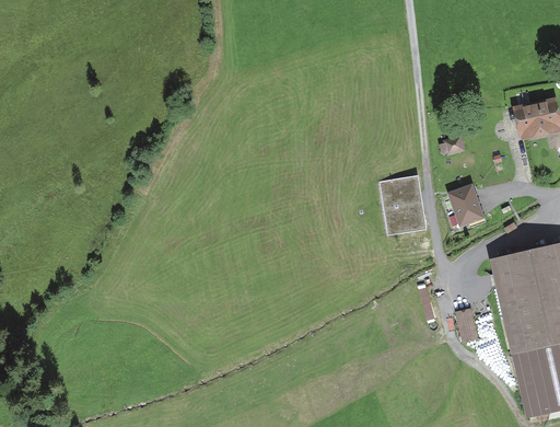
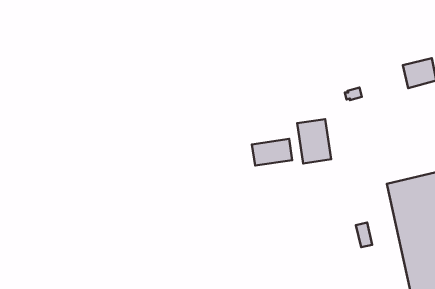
building: [450,185,483,224] -> none
building: none -> [252,139,292,166]

